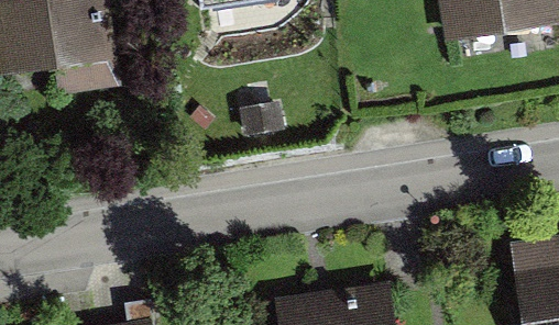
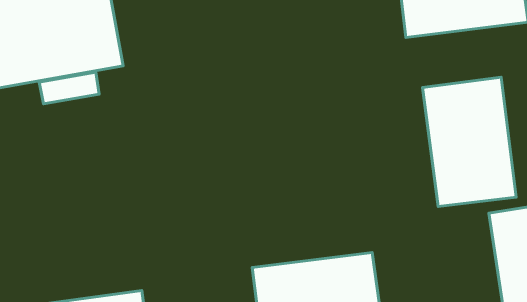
building: none -> [423,77,516,206]

